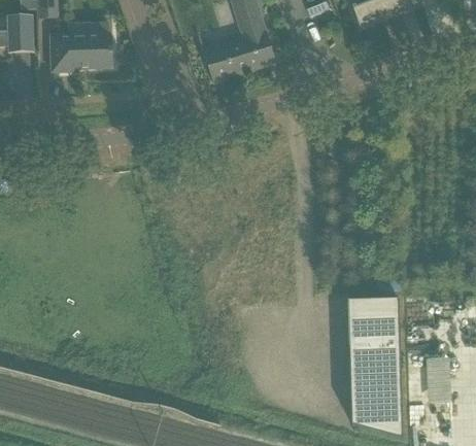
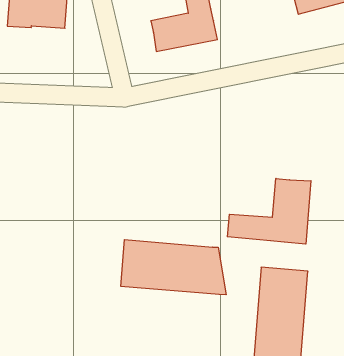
building: none -> [227,178,311,244]
building: none -> [121,240,226,295]

